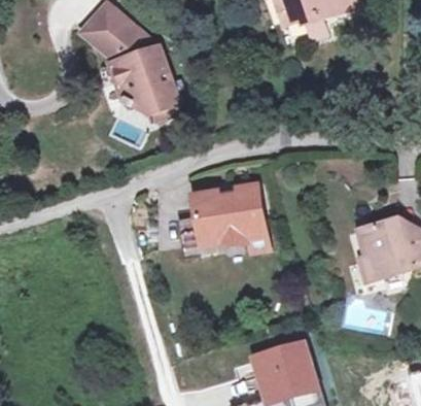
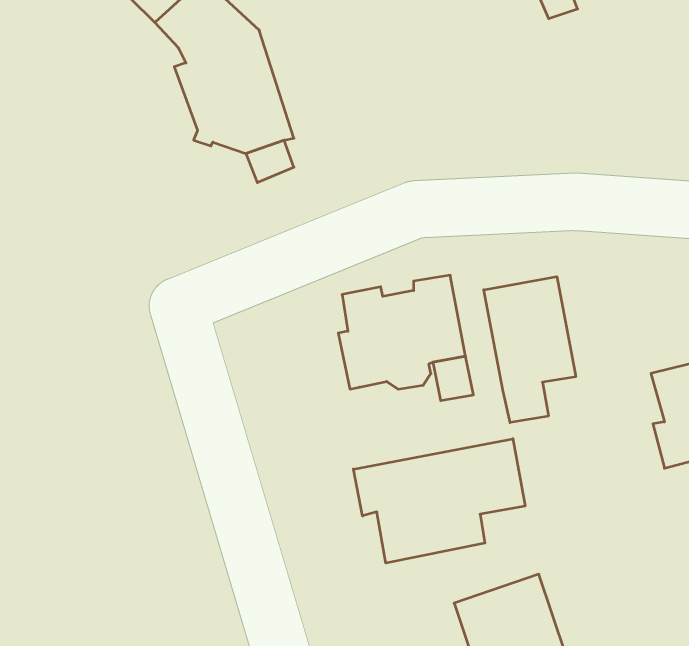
building: none -> [484,277,576,423]
building: none -> [353,439,525,563]

